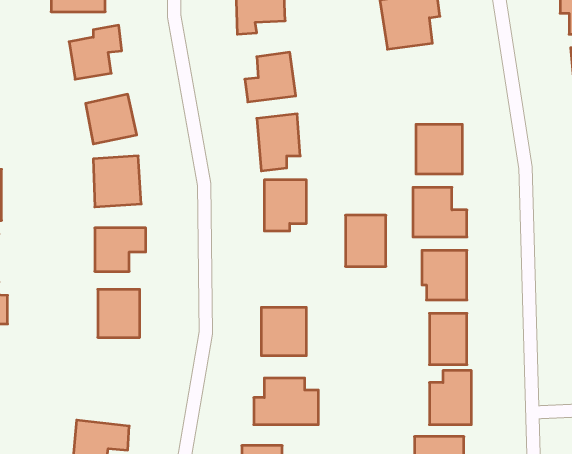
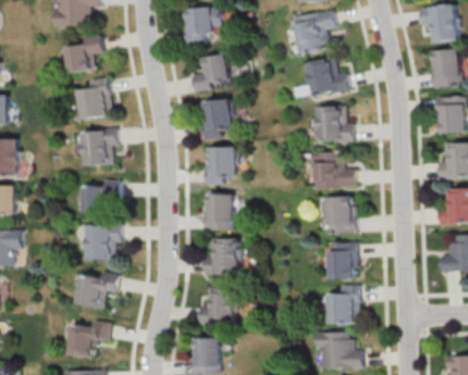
building: none -> [305,58,348,97]
building: [345,215,386,266] -> [205,195,234,232]
building: none -> [75,272,119,309]

